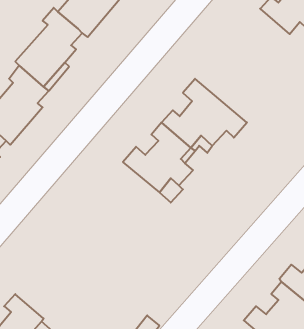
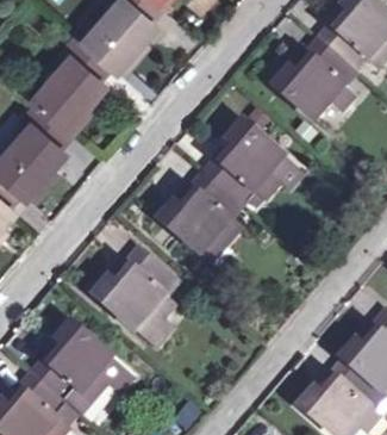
building: none -> [274,37,355,120]
building: none -> [94,247,175,347]
building: none -> [32,319,135,400]

